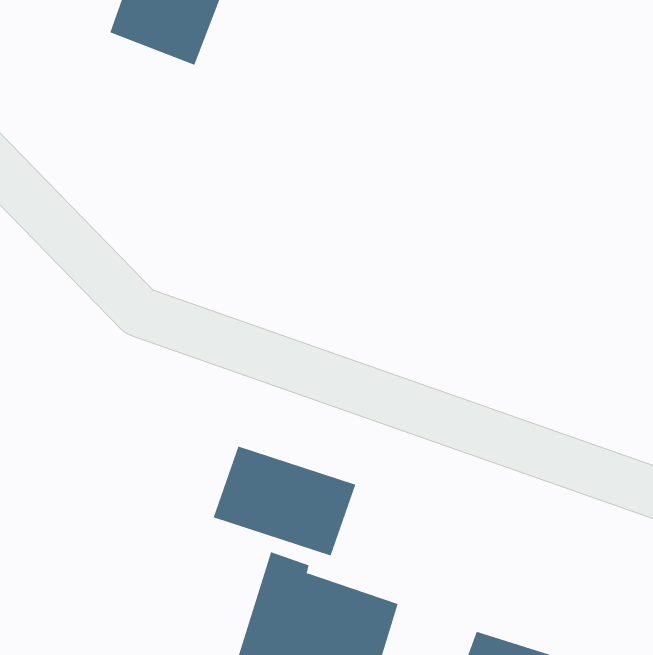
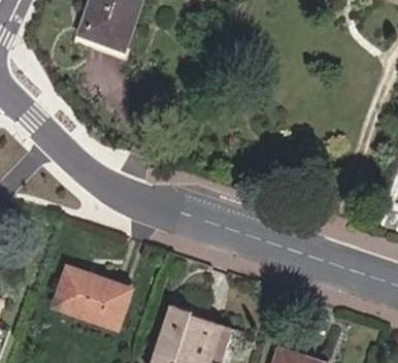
building: [213,446,356,556] -> [54,268,130,327]

